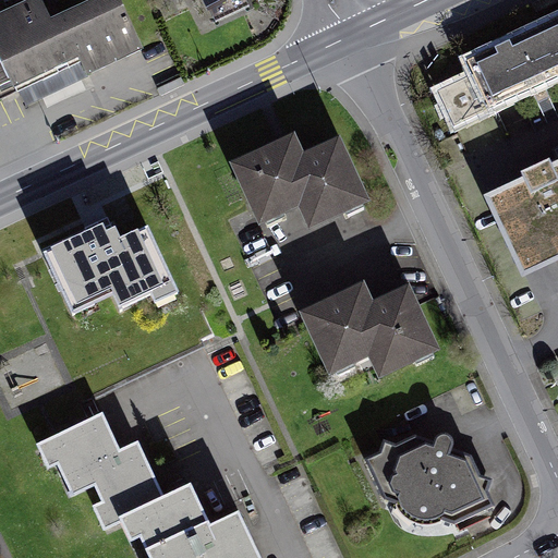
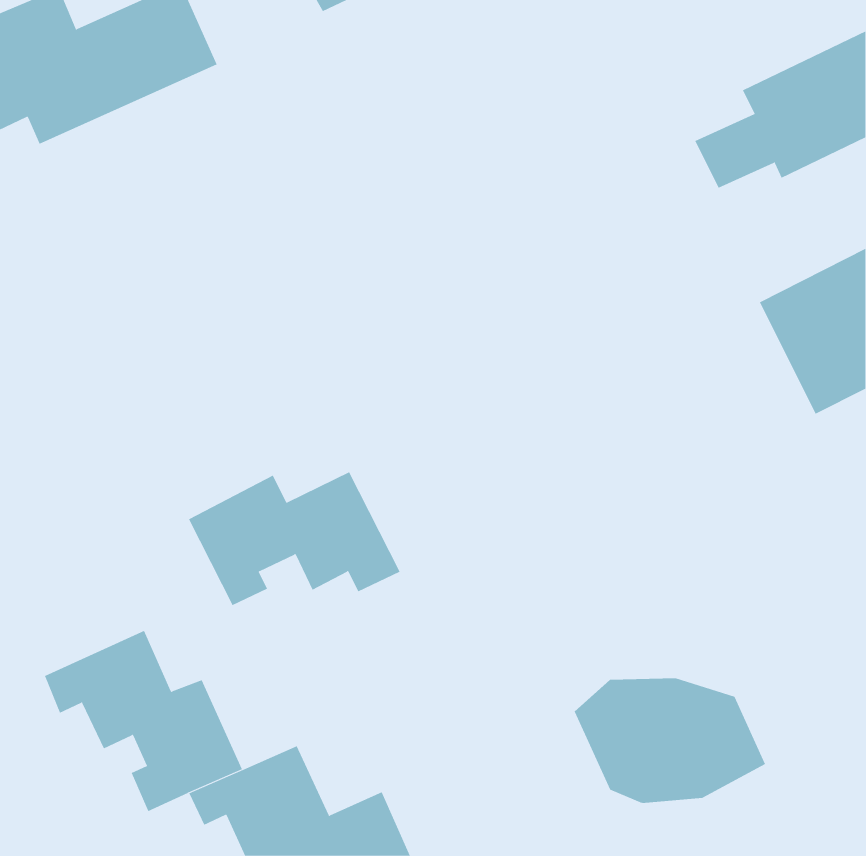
building: [233,129,371,228] -> none
building: [44,226,180,312] -> [188,472,400,606]
building: [295,282,435,383] -> none

